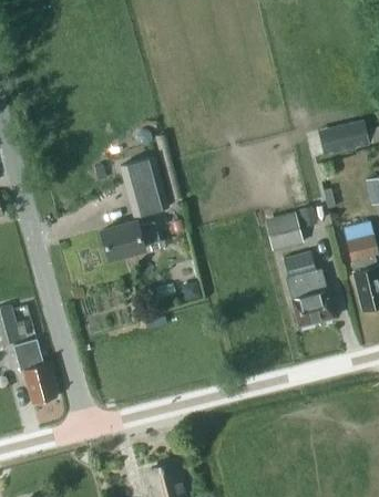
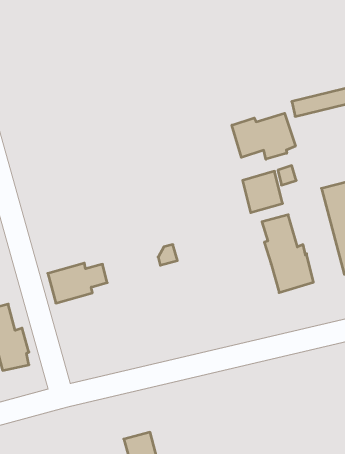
building: none -> [232,113,295,159]
building: [120,157,168,216] -> none
building: [101,221,158,260] -> [48,263,107,303]

